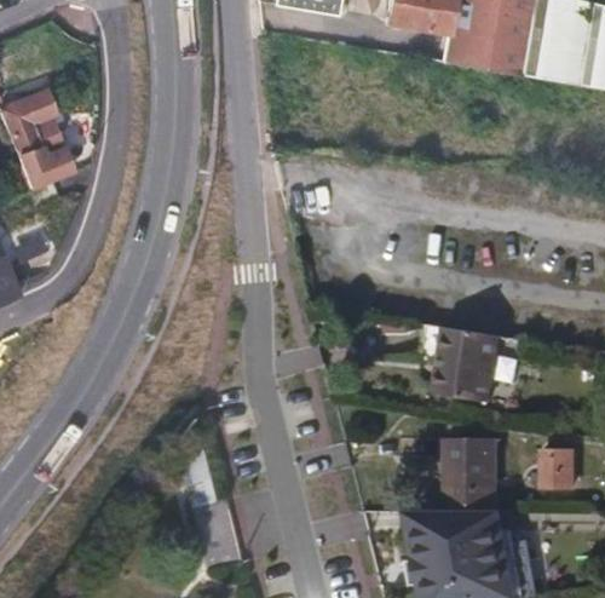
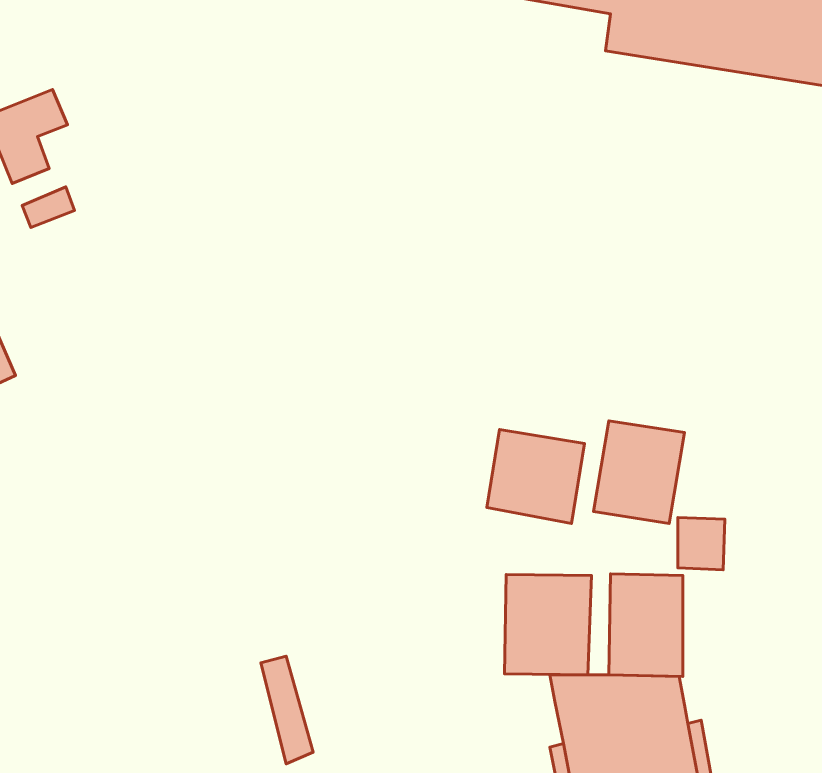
building: none -> [487,429,584,524]
building: none -> [505,574,591,675]
building: [541,452,575,489] -> [678,518,725,570]

